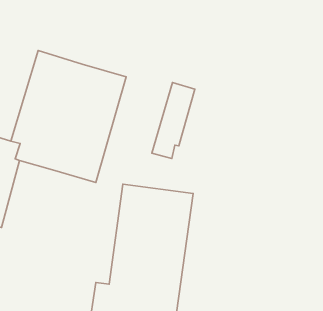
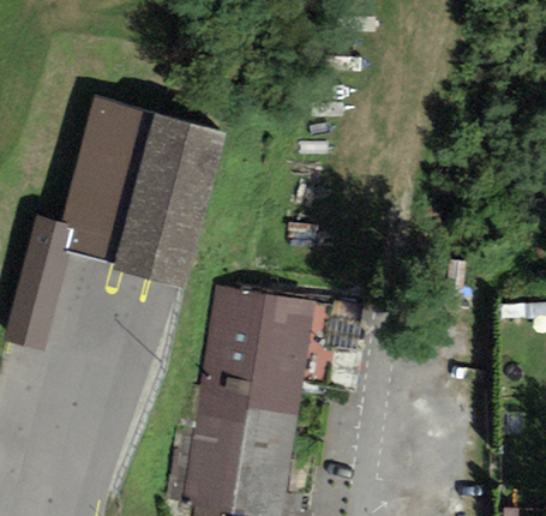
building: [152,82,195,159] -> none

